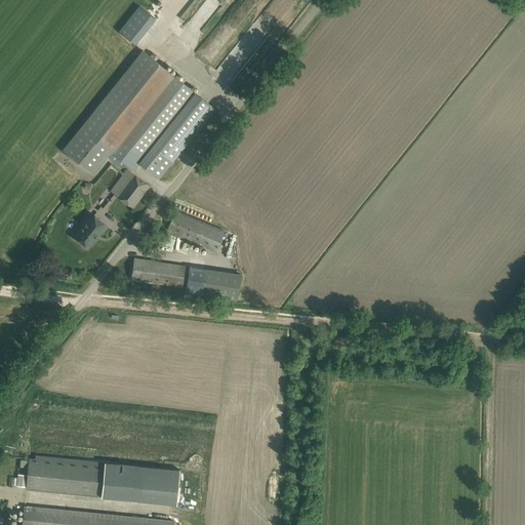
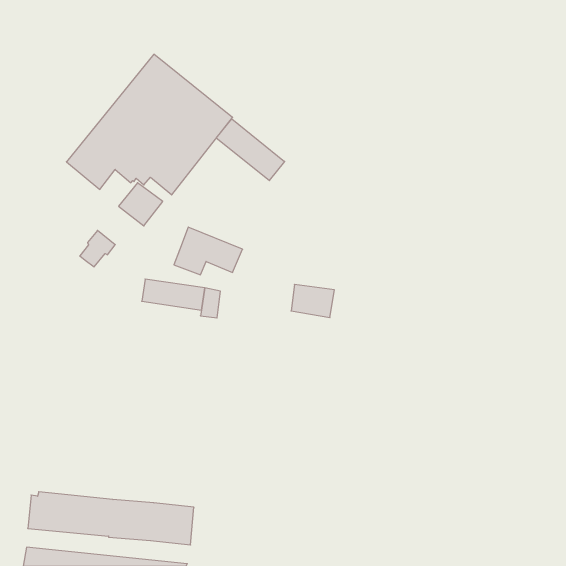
building: [119,5,156,44] -> none
building: none -> [216,119,285,181]
building: [201,270,241,300] -> [291,284,334,318]

